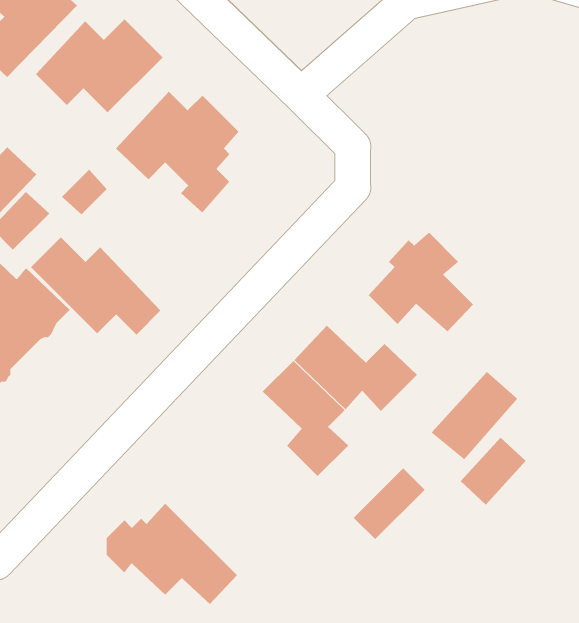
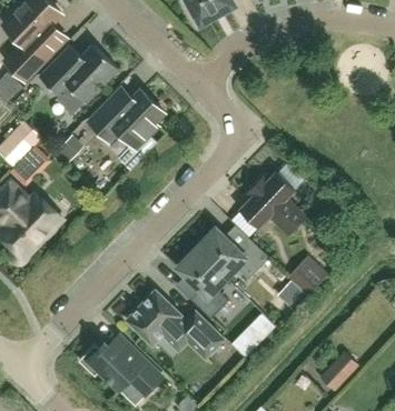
building: [30,237,161,335] -> none
building: none -> [125,290,224,358]
building: [460,437,527,505] -> [318,351,358,392]

